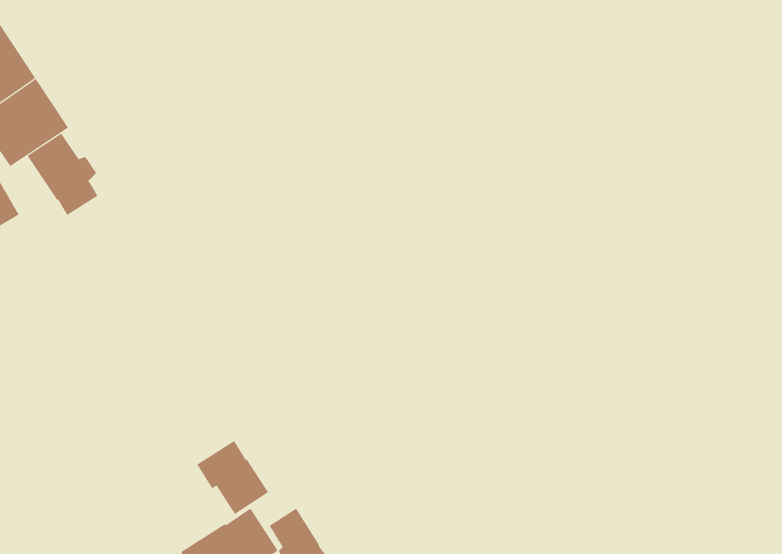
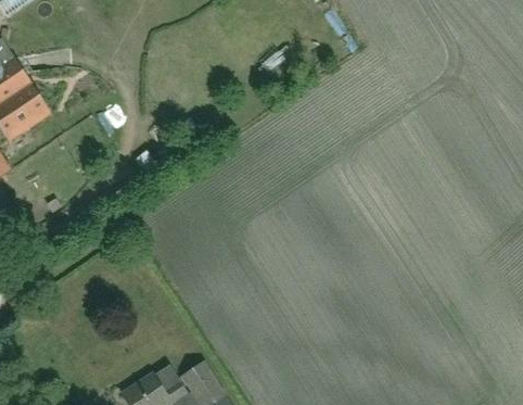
building: [27,133,98,216] -> none
building: [196,440,269,515] -> none

